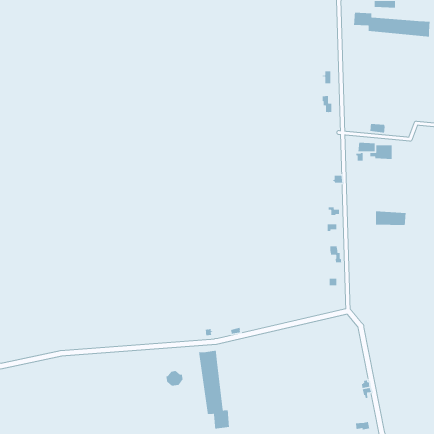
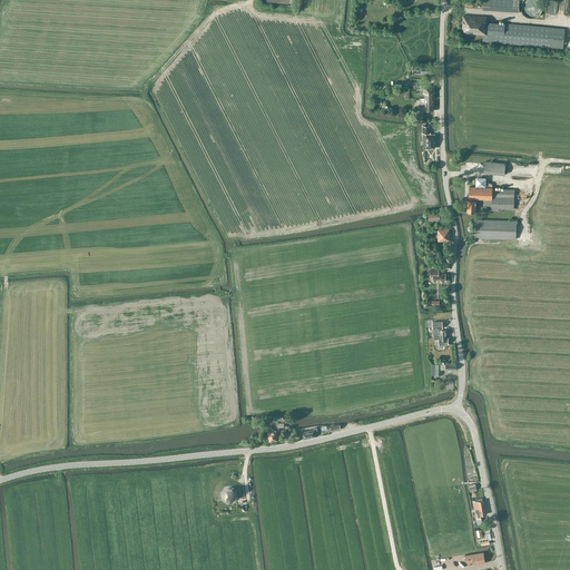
building: [375,211,406,226] -> [475,219,517,239]
building: [198,350,230,429] -> none

